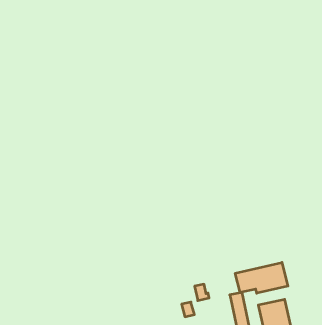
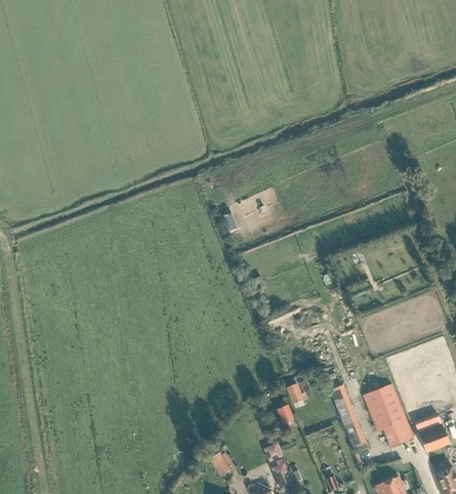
building: [235,262,288,293] -> none

